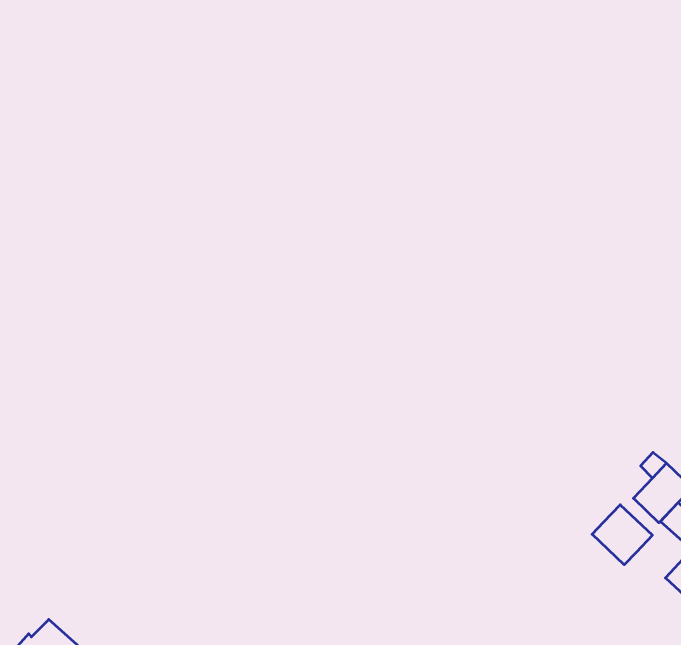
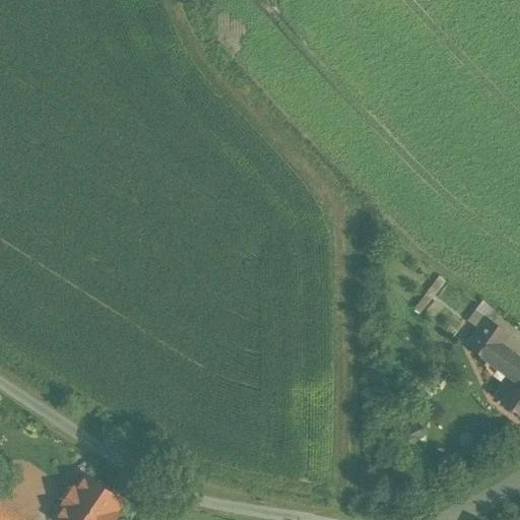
building: [592,505,652,565] -> none

